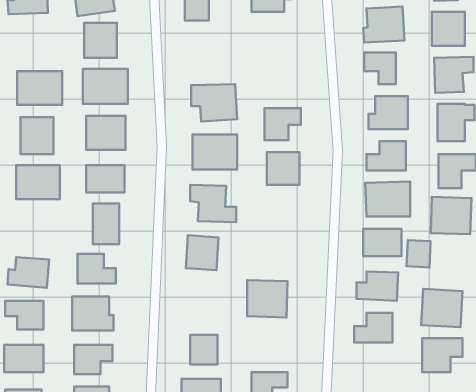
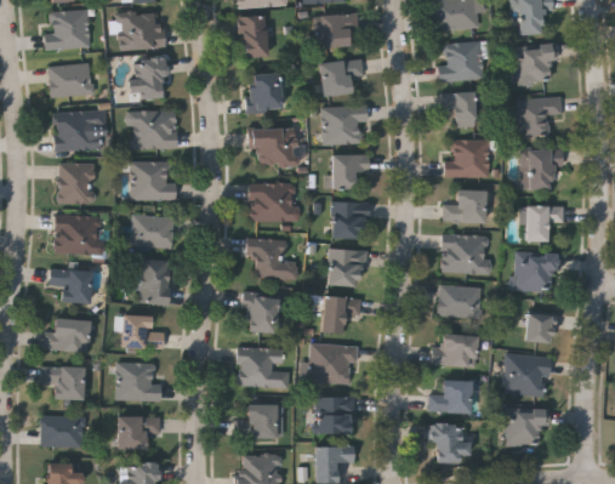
building: none -> [321,59,364,95]
building: none -> [49,63,93,98]
building: none -> [249,73,281,113]
building: none -> [324,106,368,144]
building: none -> [329,250,365,286]
building: none -> [50,269,93,303]
building: none -> [323,296,361,334]
building: [407,240,431,267] -> [526,313,553,343]
building: none -> [238,347,290,388]
building: none -> [318,397,353,433]
building: none -> [433,423,471,461]

